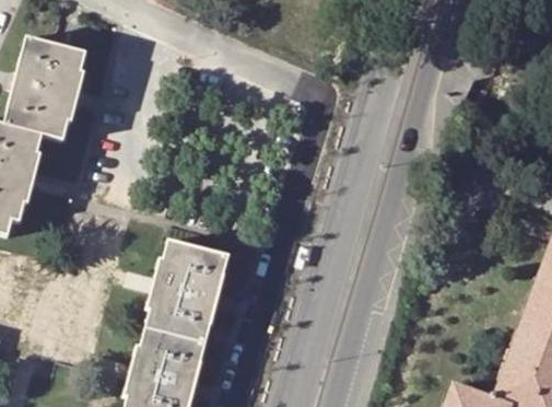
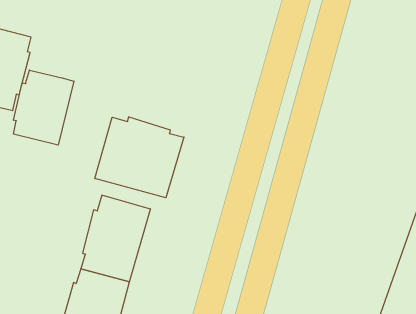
building: none -> [14,70,74,145]
building: none -> [95,117,184,198]

